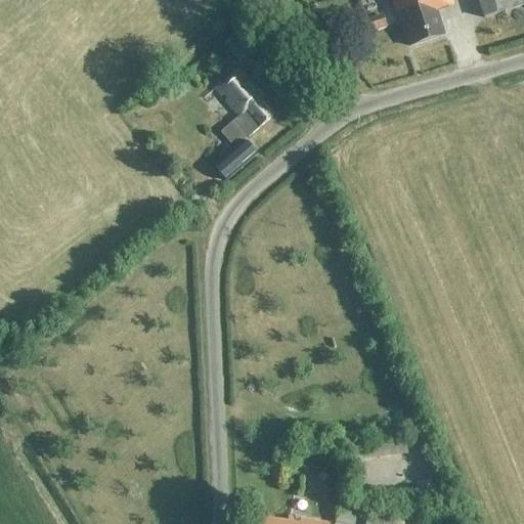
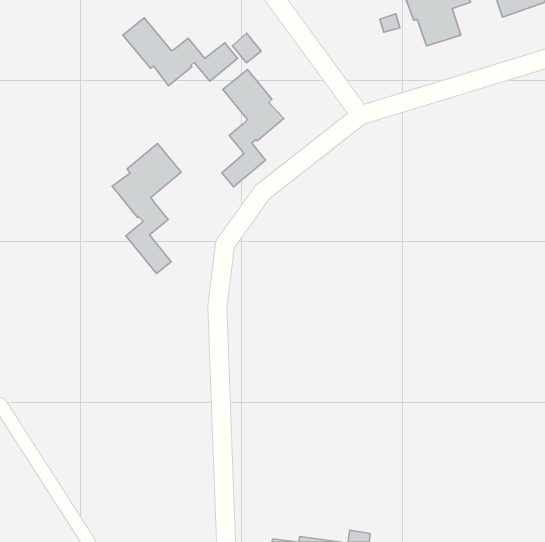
building: none -> [123,18,238,86]
building: none -> [112,144,181,273]

